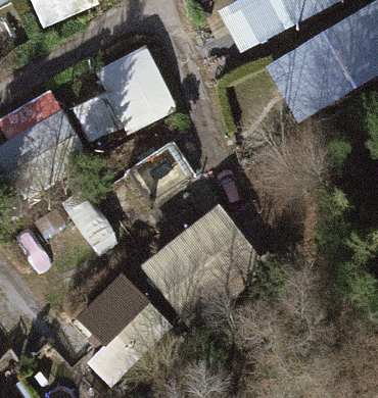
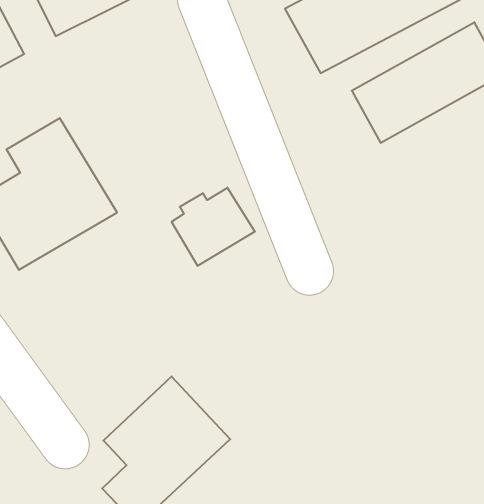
building: [73,46,178,144] -> none
building: [149,215,253,318] -> none

